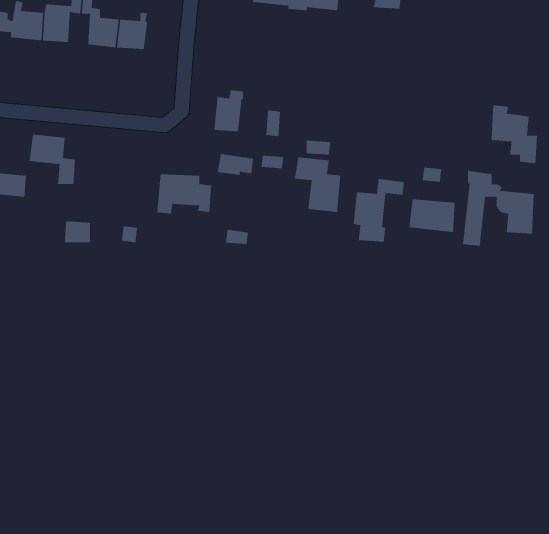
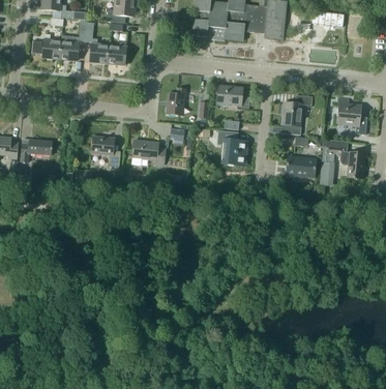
building: none -> [216,86,249,109]
building: [29,134,76,185] -> [91,136,120,167]
building: [353,178,405,242] -> [280,94,313,133]

